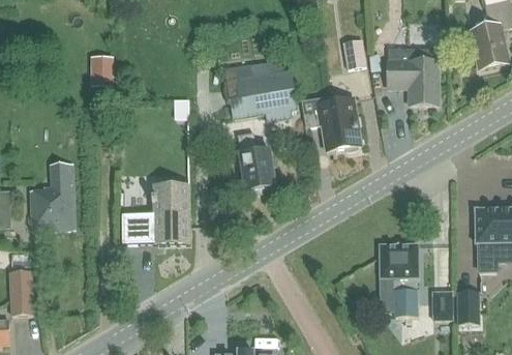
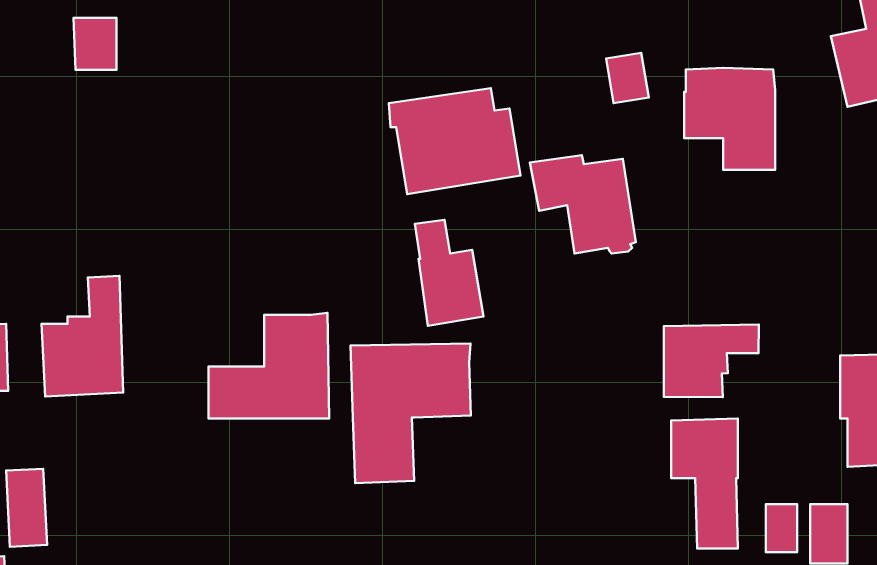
building: [92,55,116,84] -> [74,18,116,70]
building: none -> [664,325,759,397]
building: none -> [350,343,471,483]

